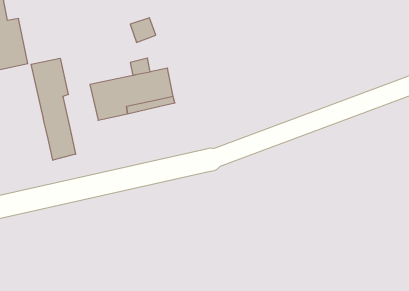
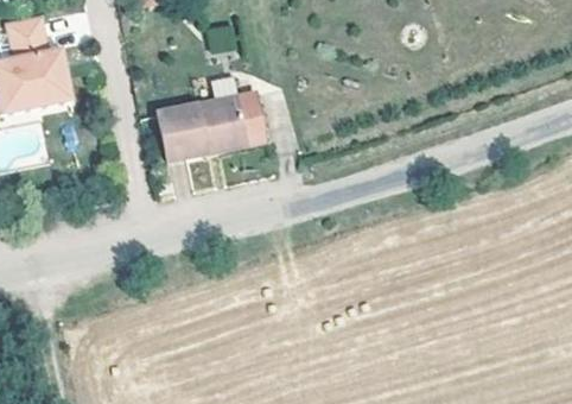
building: [31,58,76,160] -> none

